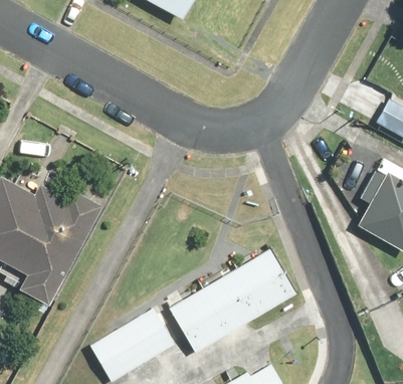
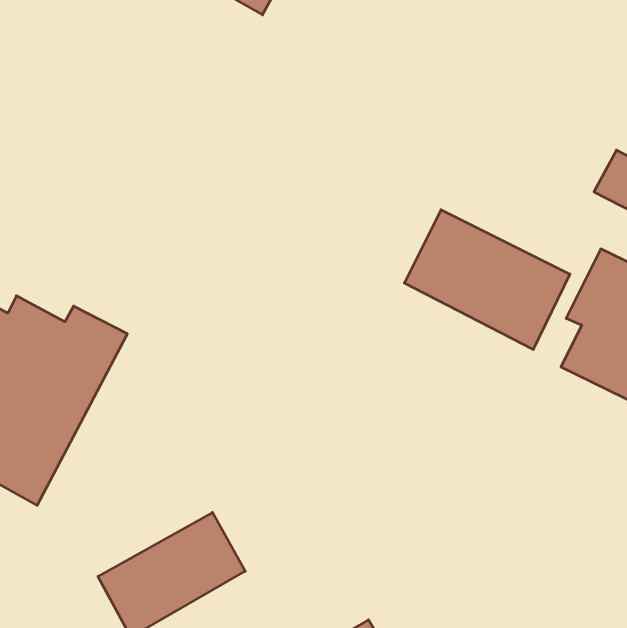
building: none -> [404,210,570,350]
building: [167,246,307,358] -> none

